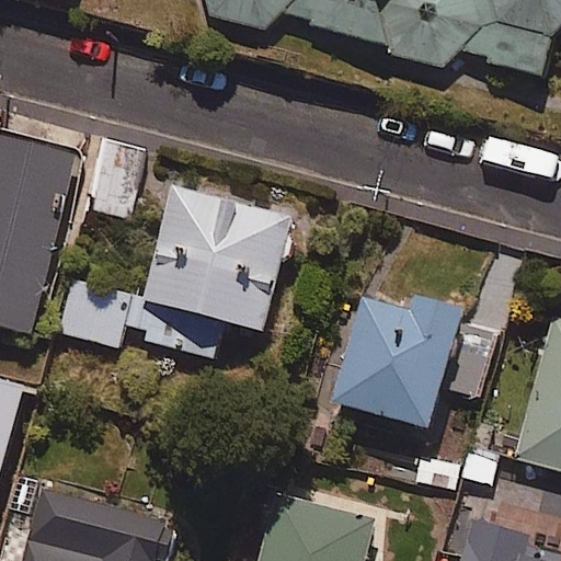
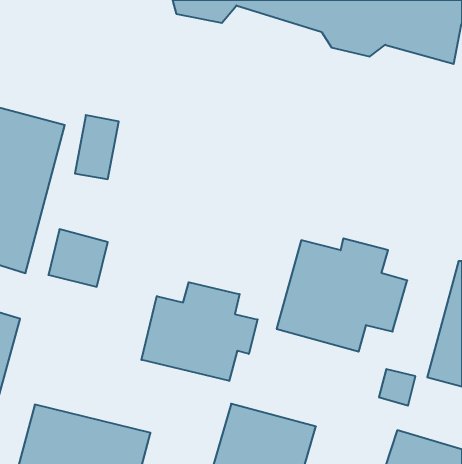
building: [134,182,293,359] -> none
building: none -> [141,282,258,381]

